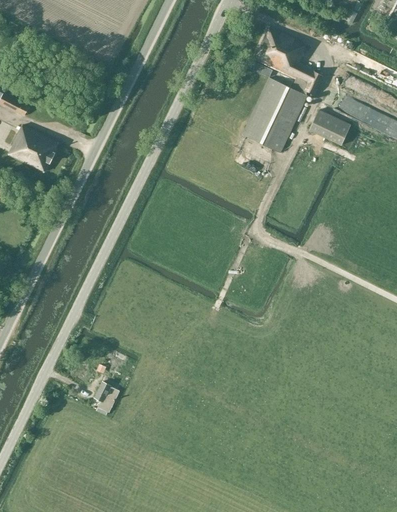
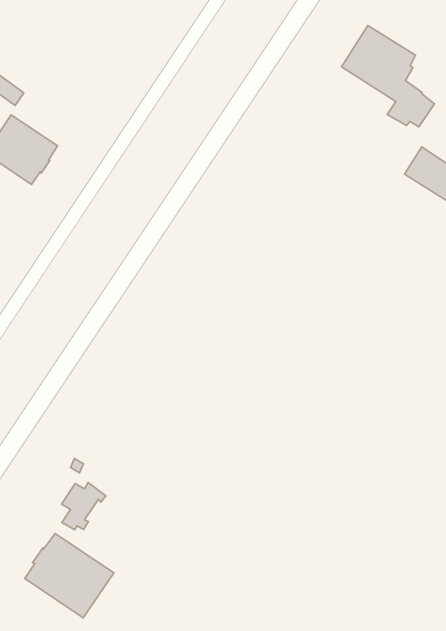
building: [241,79,307,155] -> none
building: none -> [25,533,114,618]

